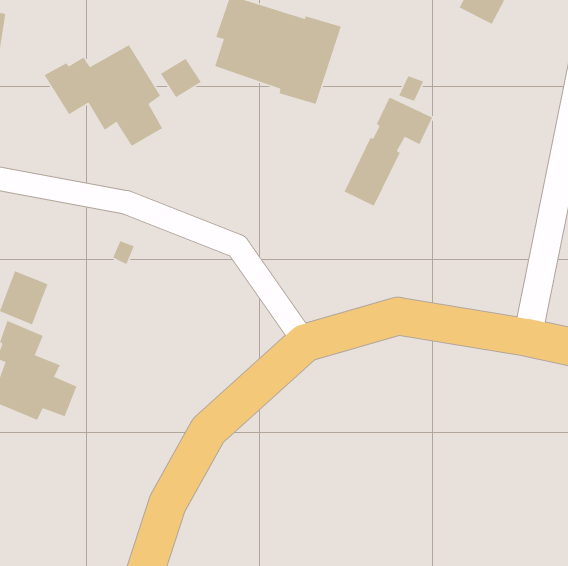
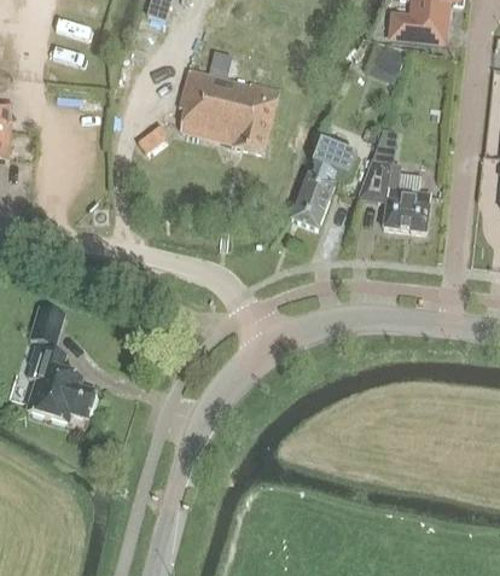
building: [44,44,163,147] -> none
building: none -> [357,128,430,232]

